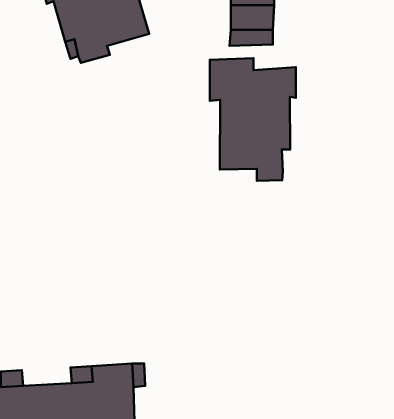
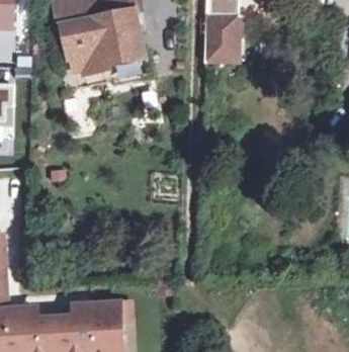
building: [210,58,296,181] -> none

